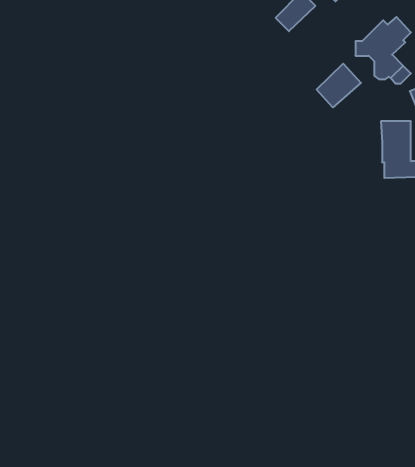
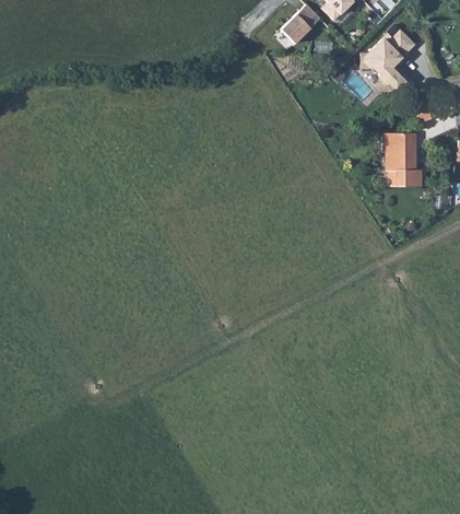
building: [317,64,361,107] -> none

